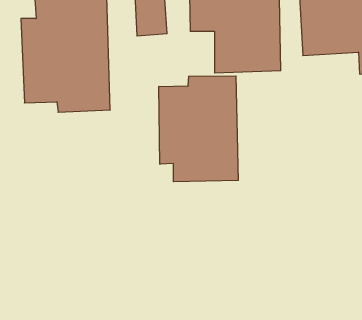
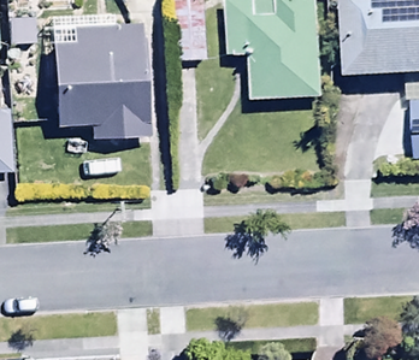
building: [159,76,238,182] -> none

